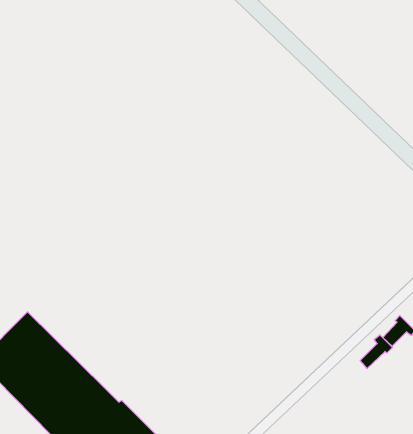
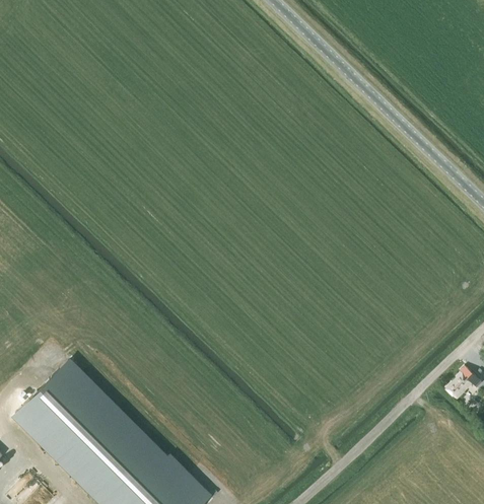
building: [360,335,392,369] -> none

